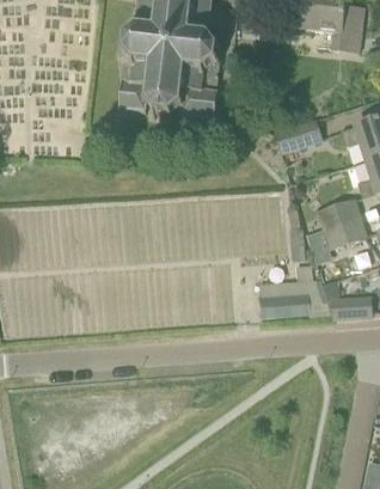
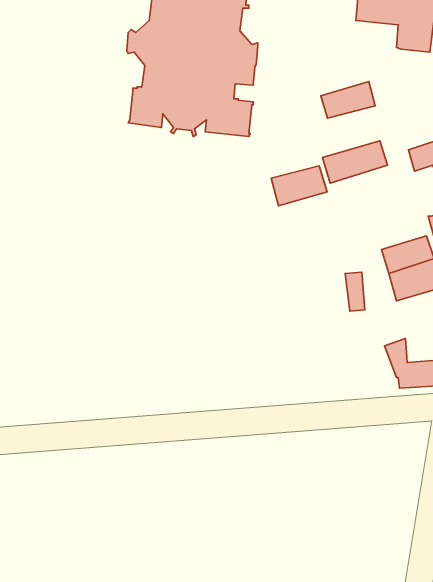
building: none -> [321,82,375,118]
building: none -> [271,166,327,206]
building: [259,276,331,316] -> none

